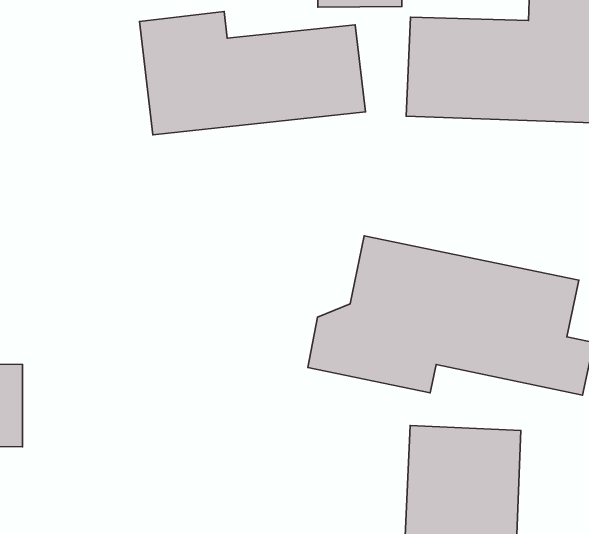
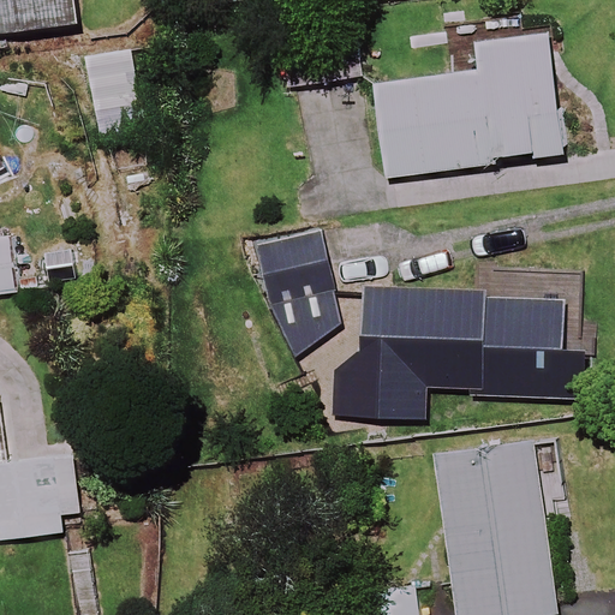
building: [140,11,366,135] -> none
building: none -> [250,225,342,362]

